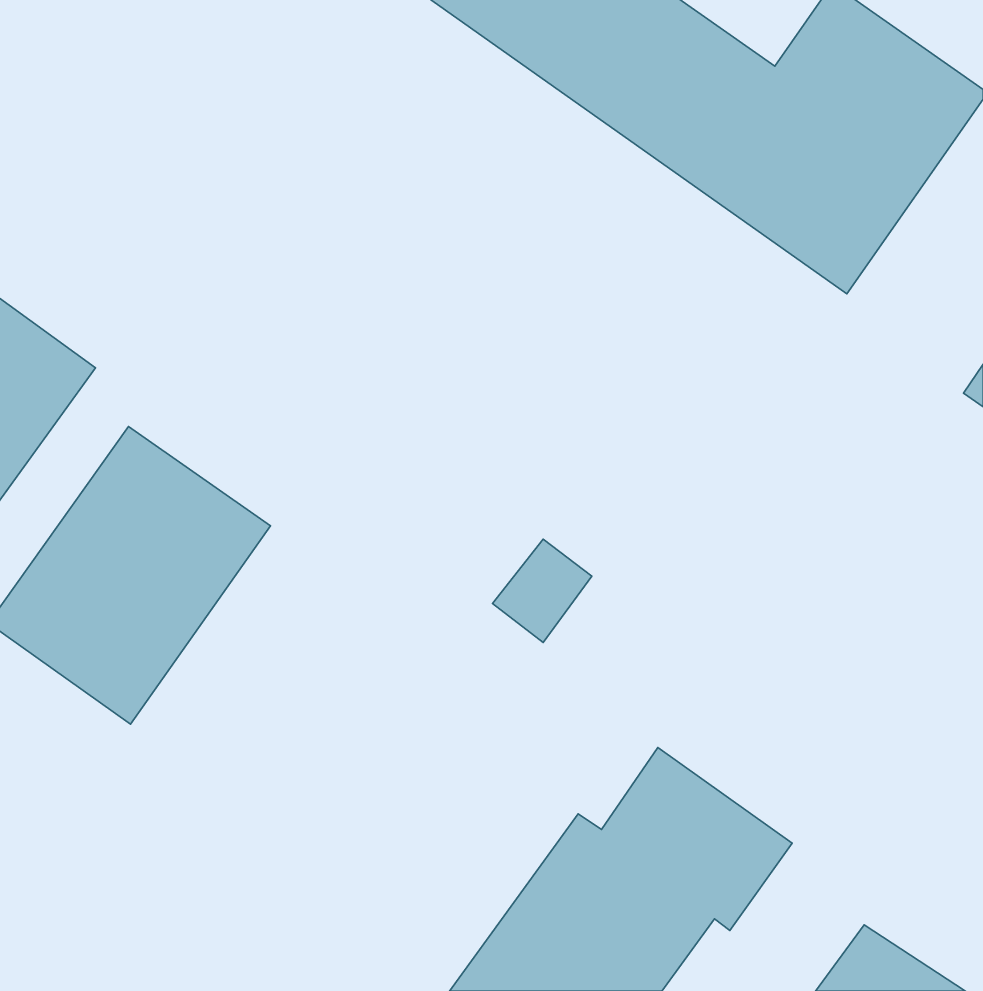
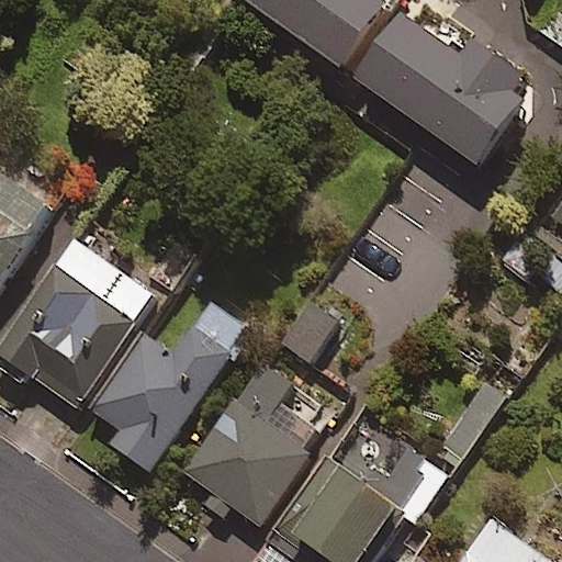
building: none -> [90,297,252,472]
building: none -> [181,366,308,527]

